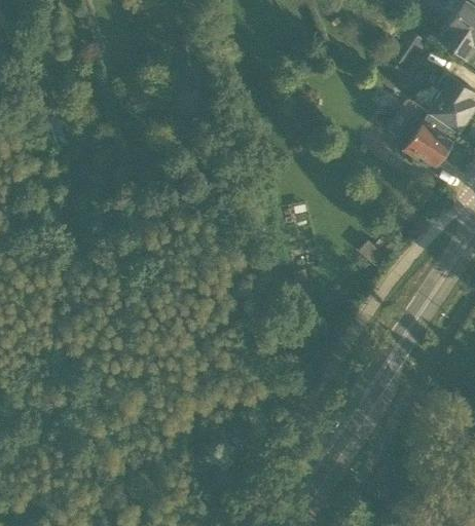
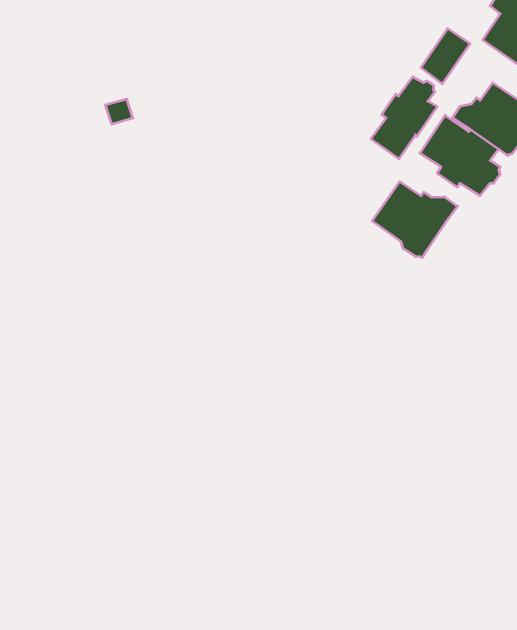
building: none -> [371,77,437,159]
building: none -> [372,182,458,258]

